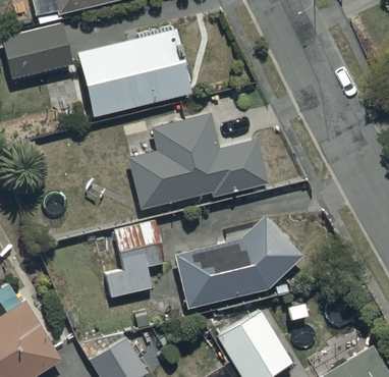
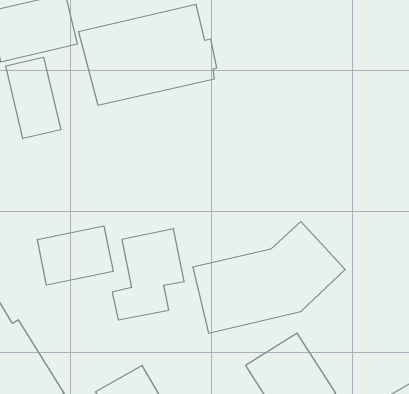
building: none -> [6,57,61,139]
building: [129,114,268,208] -> none
building: none -> [37,226,113,285]

